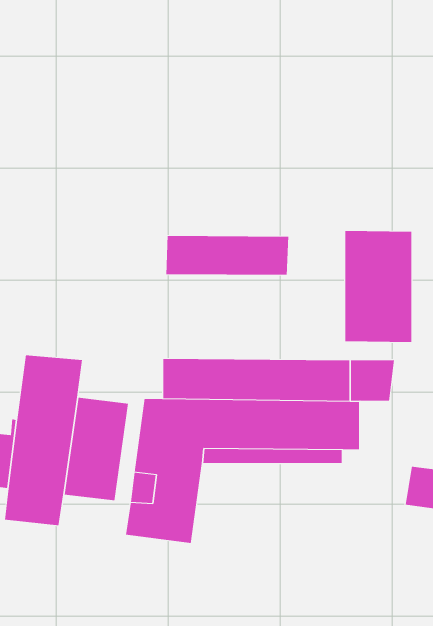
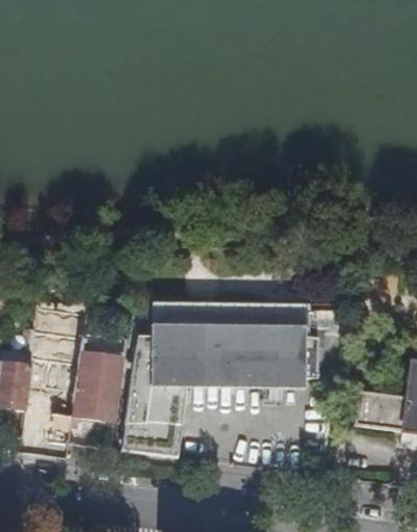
building: [345,230,412,343] -> none
building: [166,235,289,276] -> none

